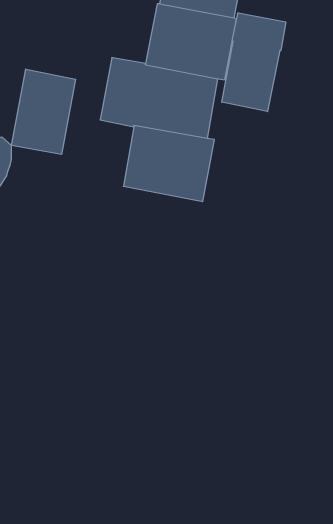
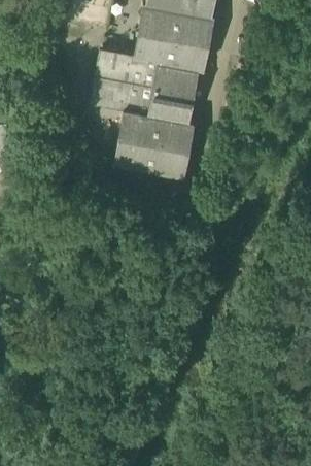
building: [222,13,286,112] -> none
building: [11,69,76,154] -> none

